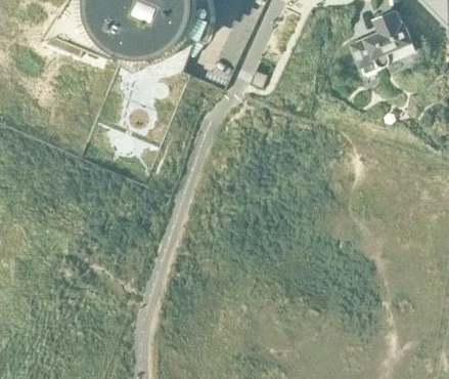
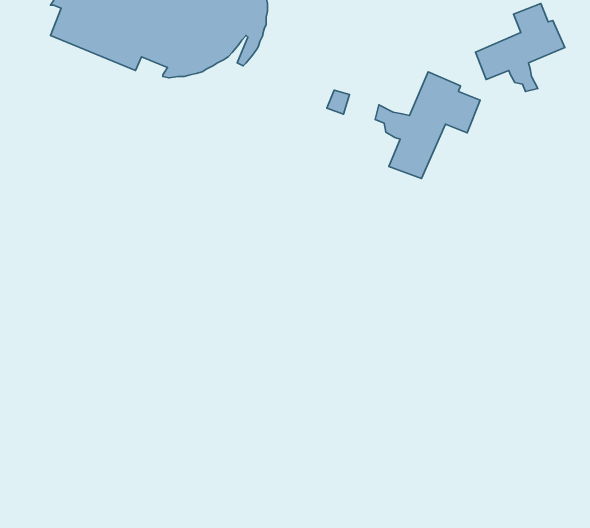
building: none -> [375,72,480,179]

